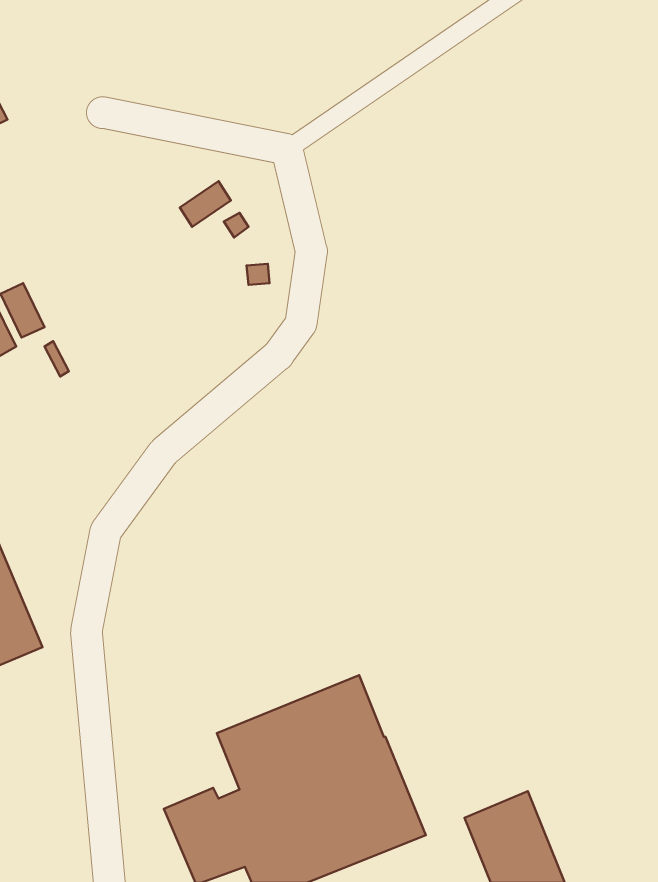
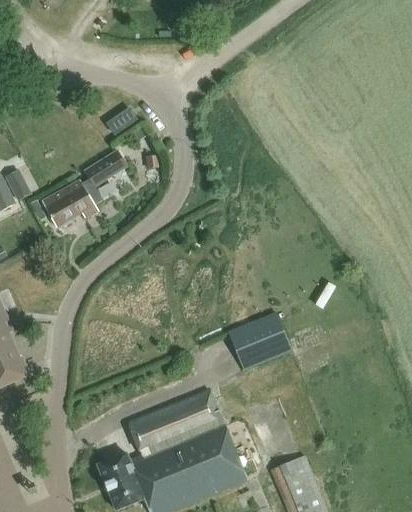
building: none -> [41,151,127,228]
building: none -> [228,314,292,370]

